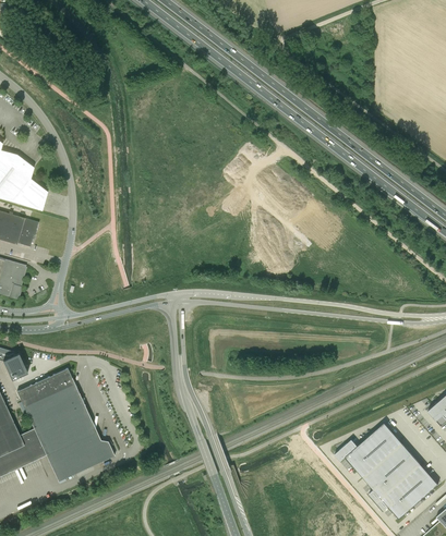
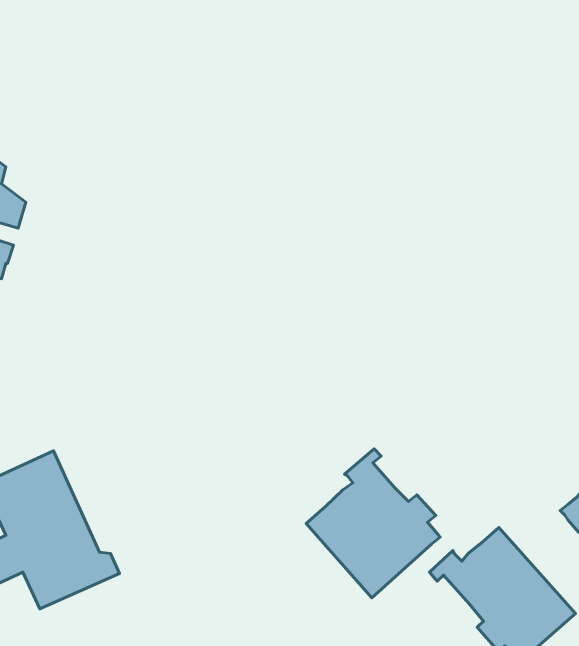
building: none -> [306,449,440,598]

